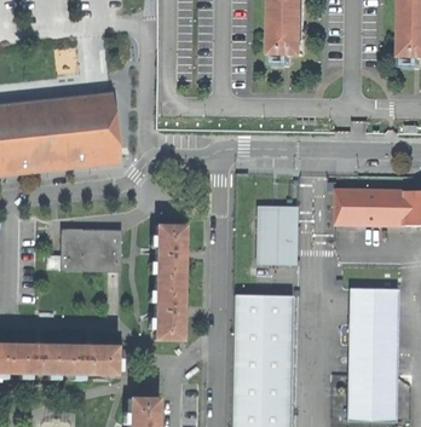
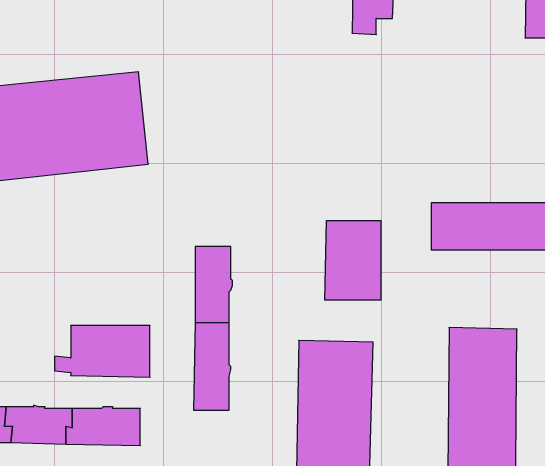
building: [50,231,121,270] -> [55,325,150,377]

